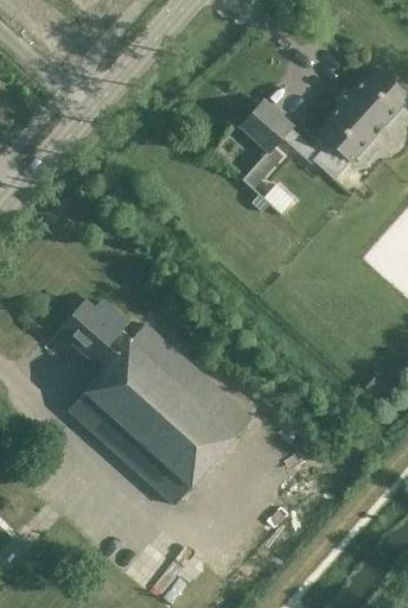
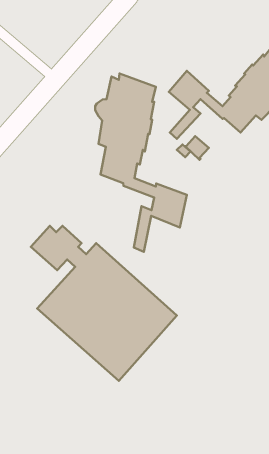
building: none -> [95,73,187,252]

